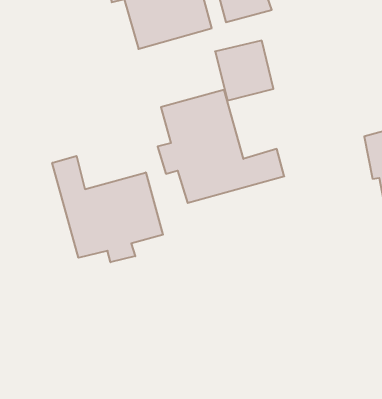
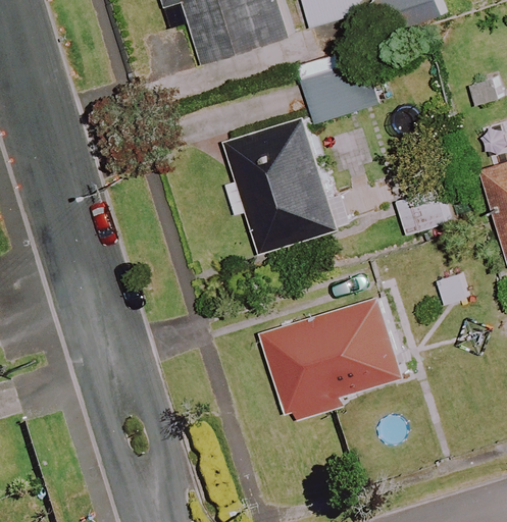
building: [52,156,163,262] -> none
building: none -> [263,296,405,425]

